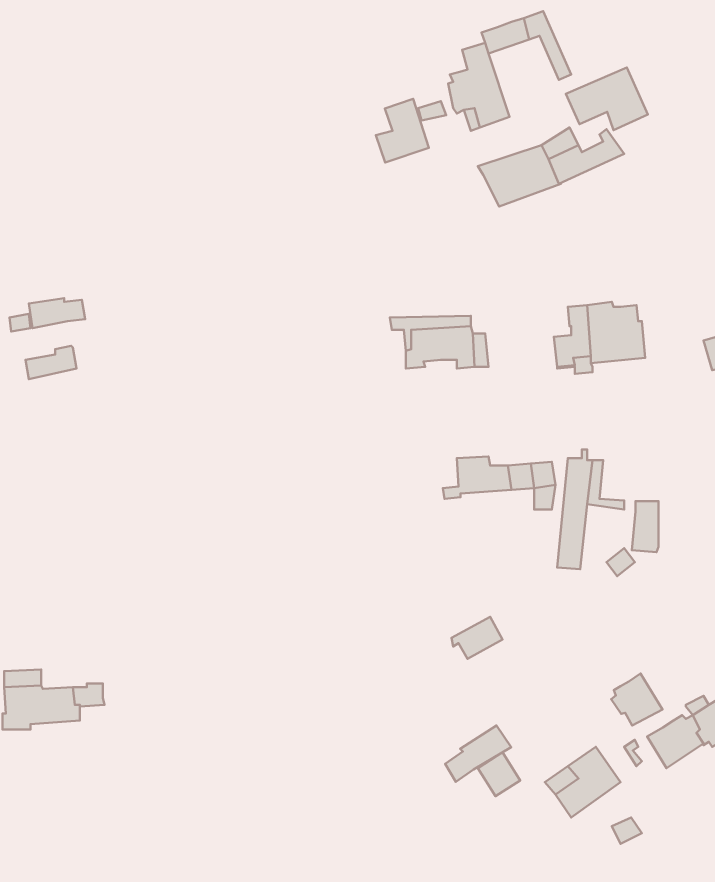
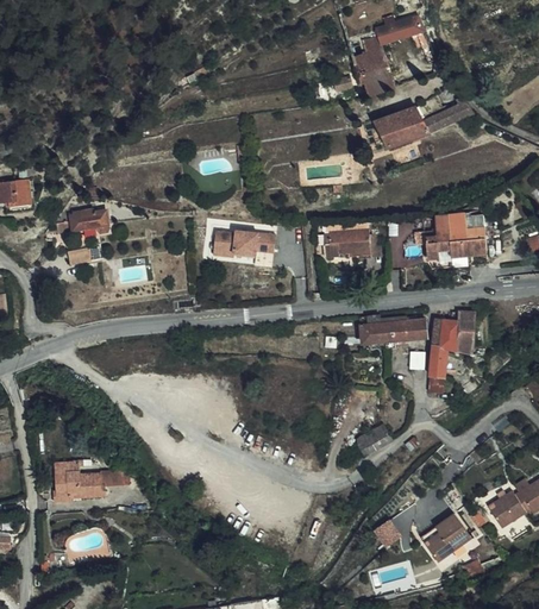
building: [566,68,648,130] -> none
building: [376,99,429,162] -> none
building: none -> [214,232,276,256]
building: [632,501,658,552] -> [456,313,474,347]
building: [611,673,662,725] -> none
building: [445,725,511,782] -> none

